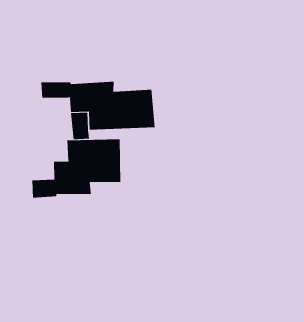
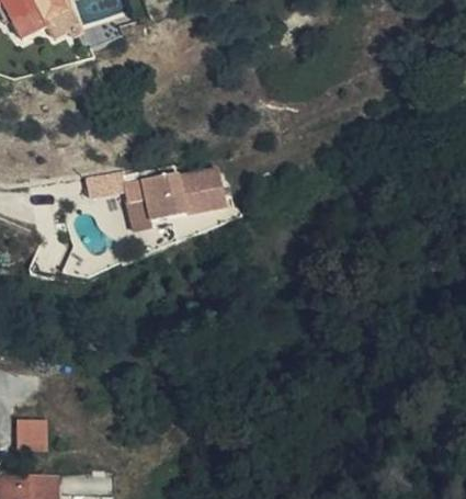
building: [32,139,121,199] -> none

